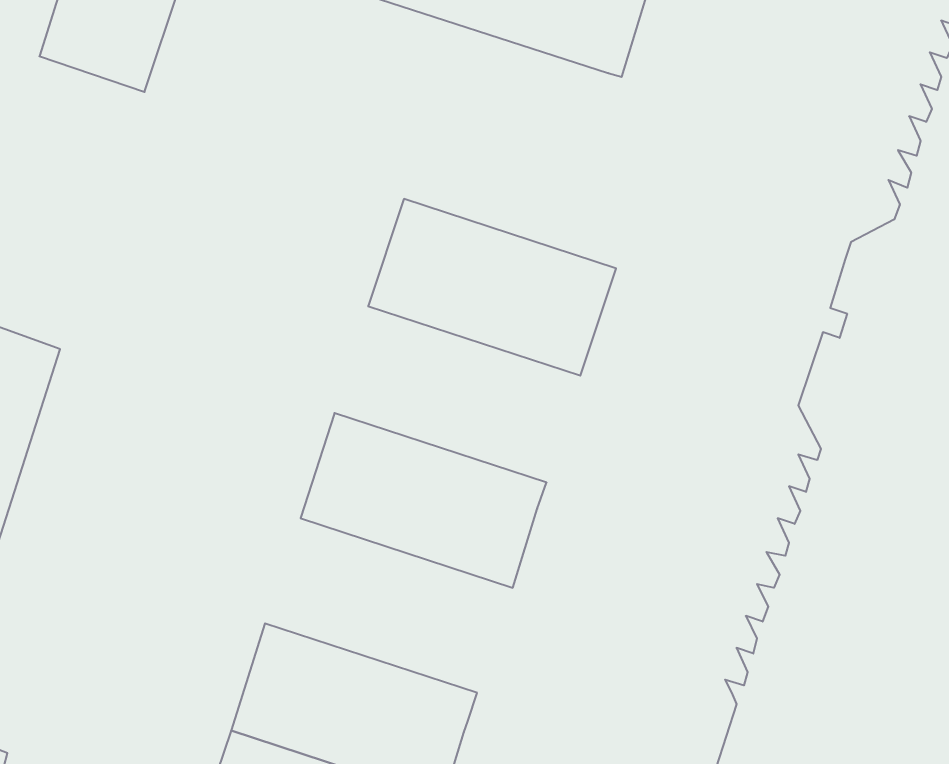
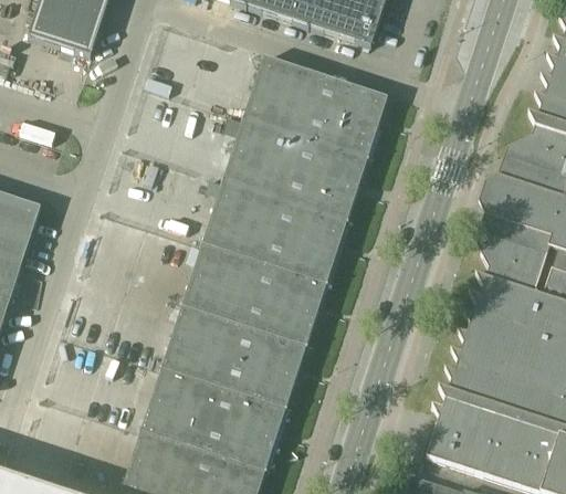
building: none -> [243,55,388,158]
building: none -> [202,180,347,284]
building: none -> [161,305,307,408]

